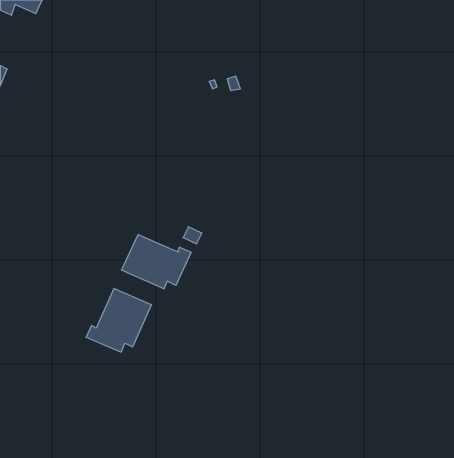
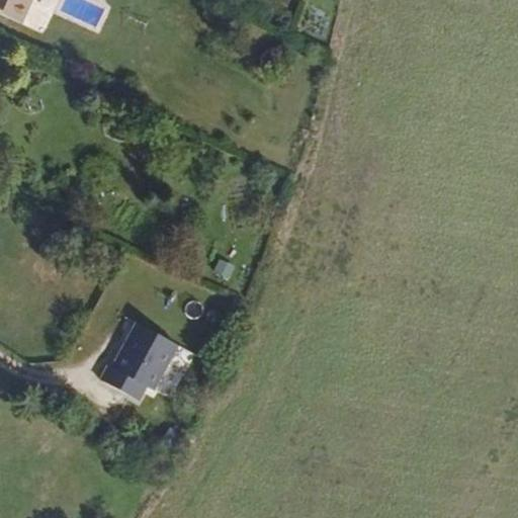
building: [122,234,191,289] -> none

